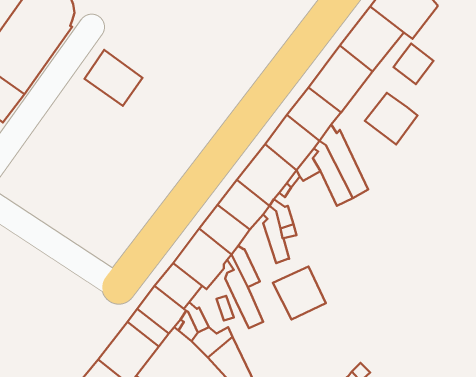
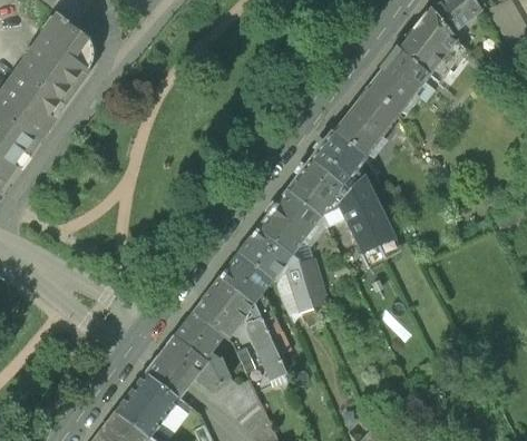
building: [394,44,434,84] -> none
building: [85,50,143,106] -> none
building: [365,93,418,145] -> none
building: [273,267,326,320] -> none

